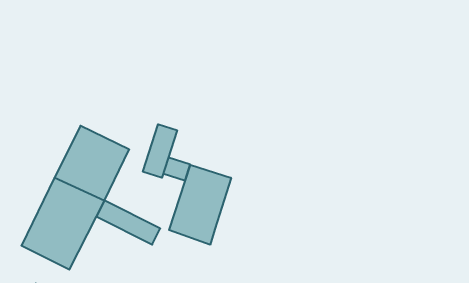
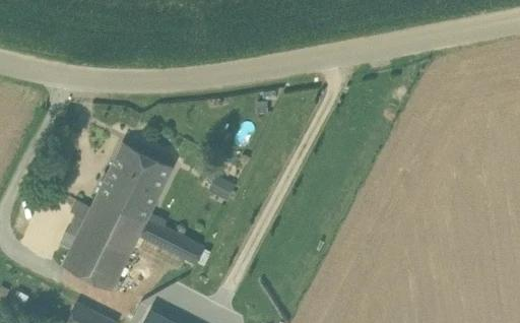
building: [143,124,177,178] -> none
building: [169,165,231,245] -> none

